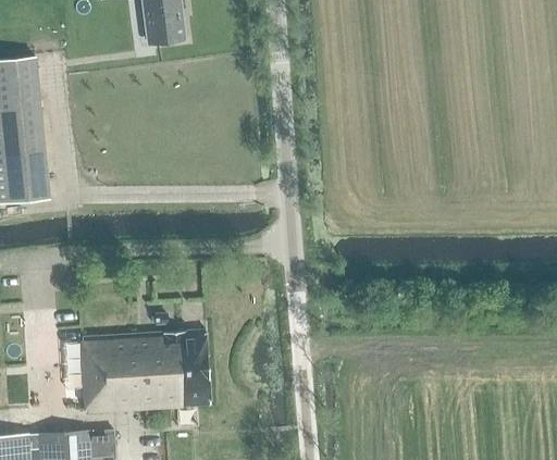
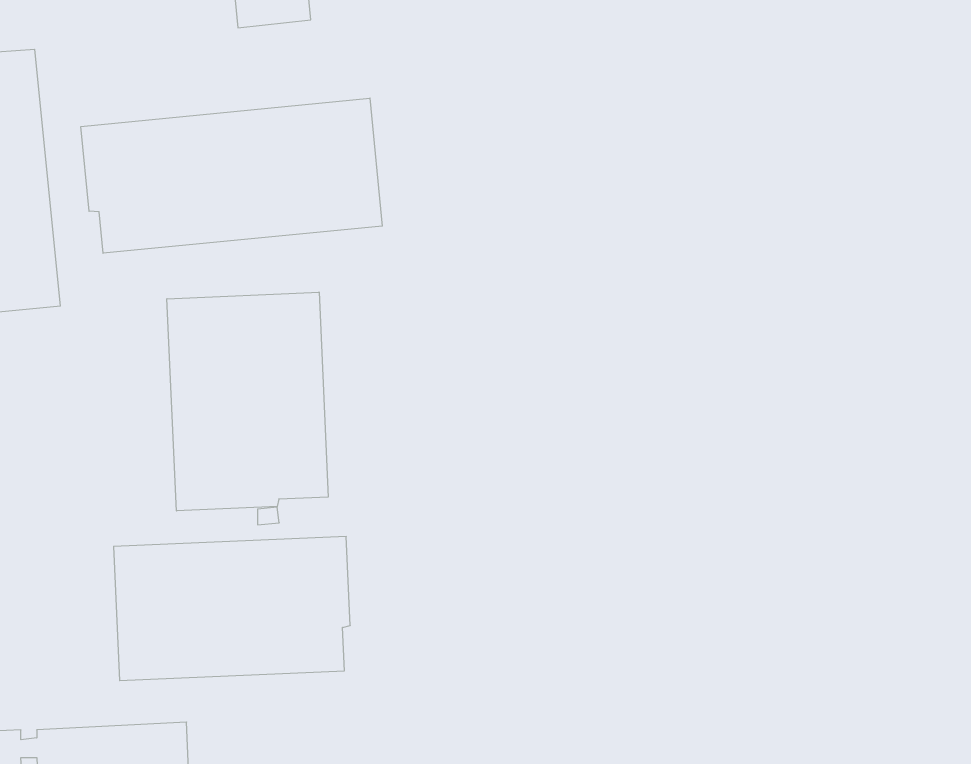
building: none -> [81,98,382,253]
building: none -> [167,292,328,511]

